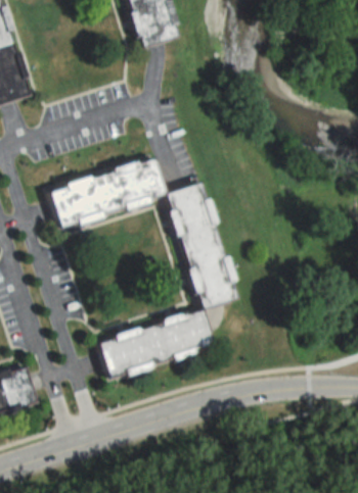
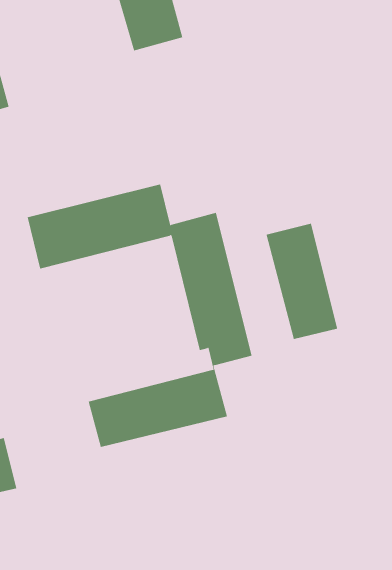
building: none -> [266,223,338,340]

